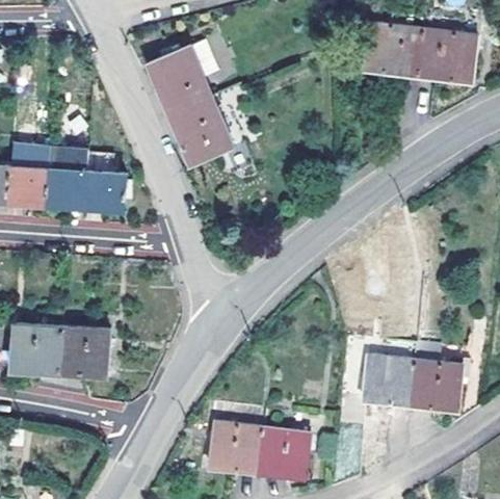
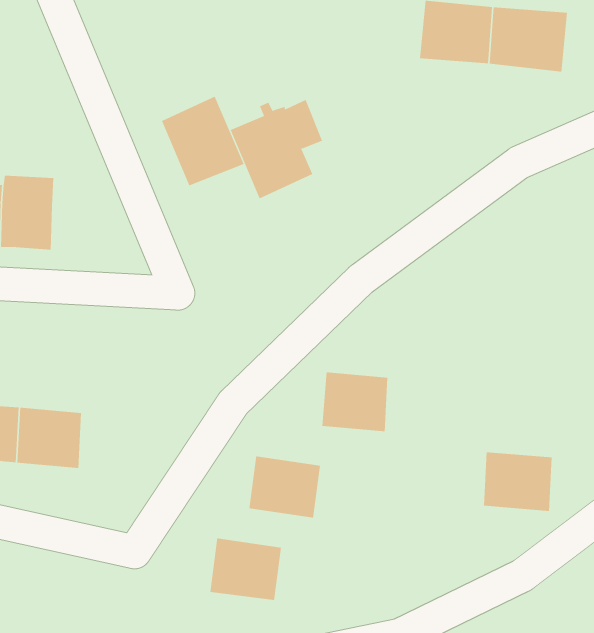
building: [148,40,217,114] -> [230,99,323,199]
building: [87,178,128,213] -> none
building: [363,358,413,402] -> [322,372,388,432]
building: [255,434,309,480] -> [249,456,321,518]

